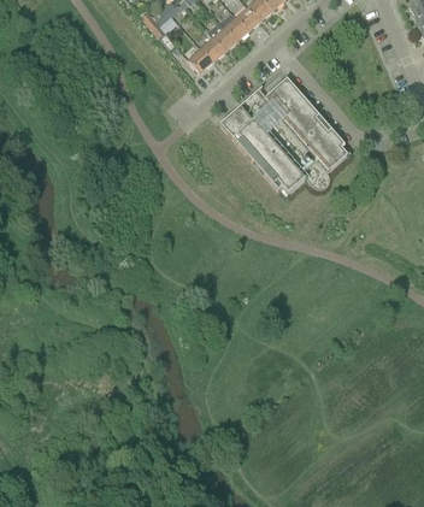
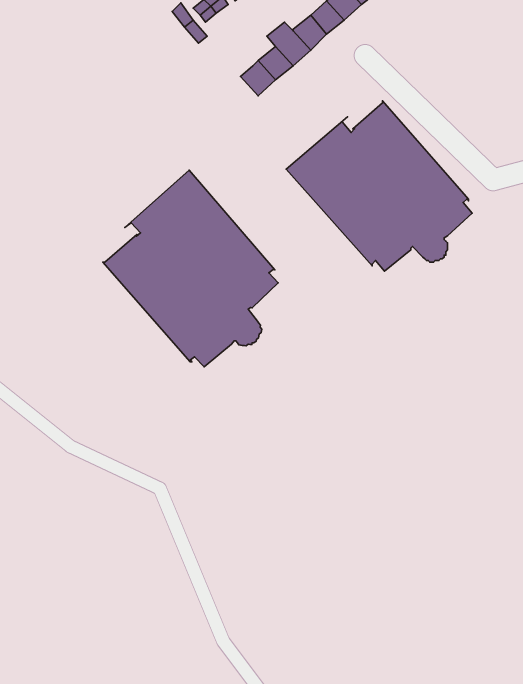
building: none -> [103,170,278,367]

